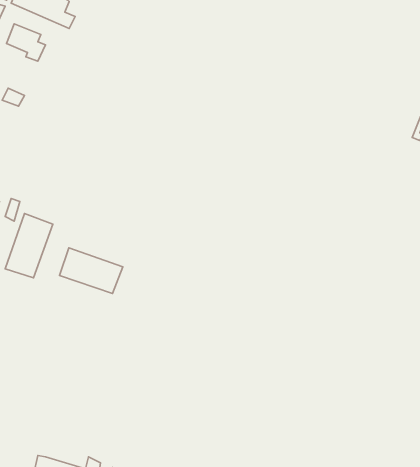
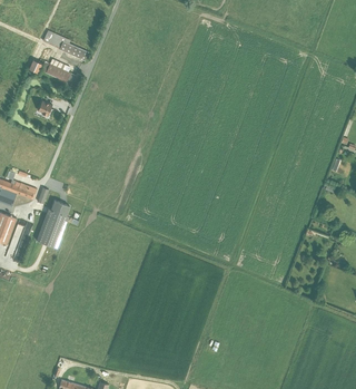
building: [60,248,123,293] -> none

